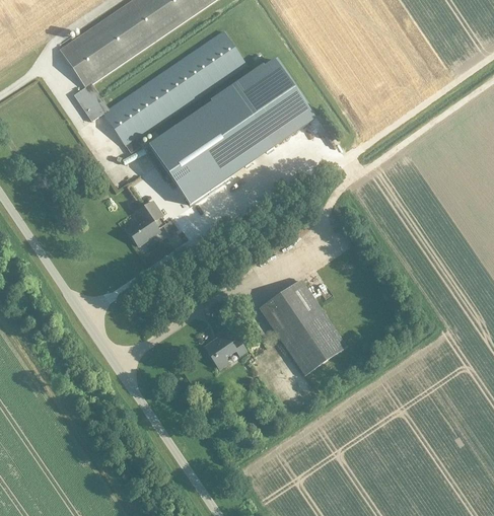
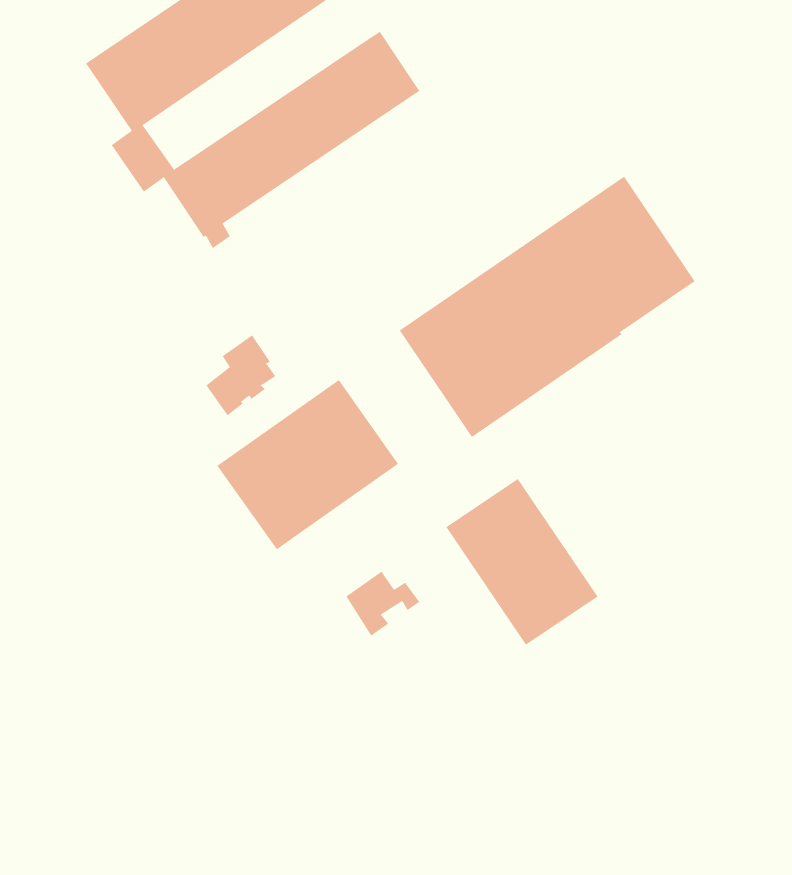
building: [148,58,313,204] -> [399,176,695,438]
building: none -> [217,379,399,550]

